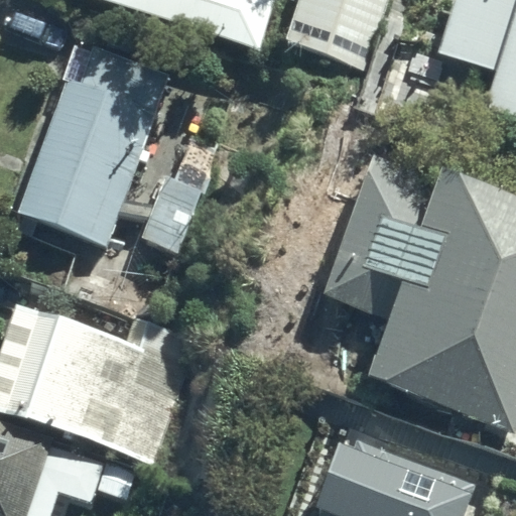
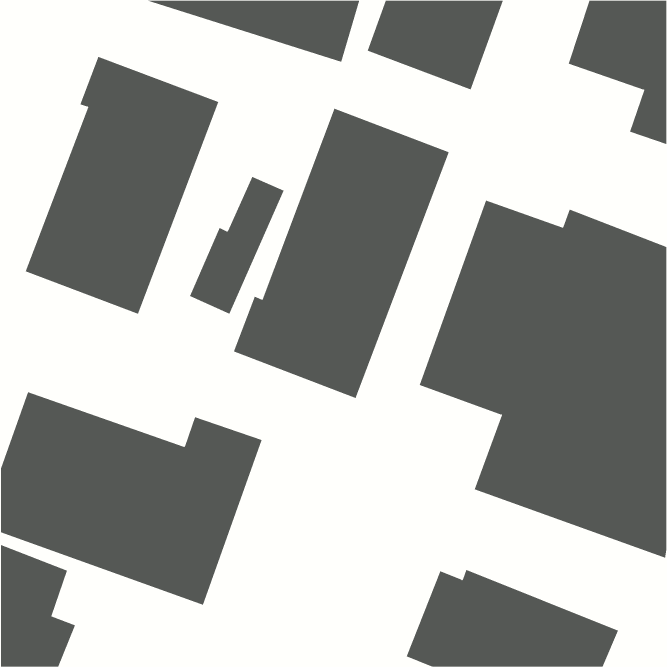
building: none -> [233,108,449,399]

